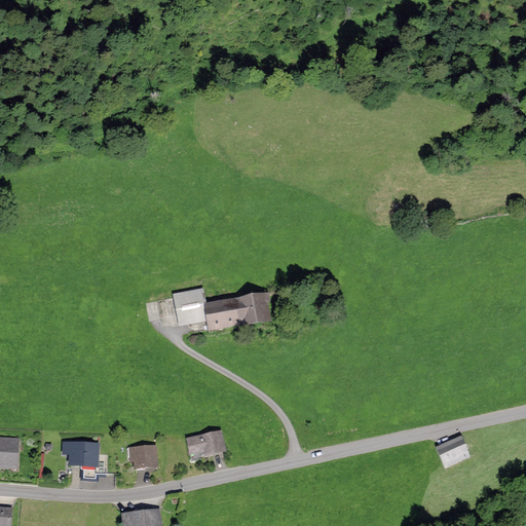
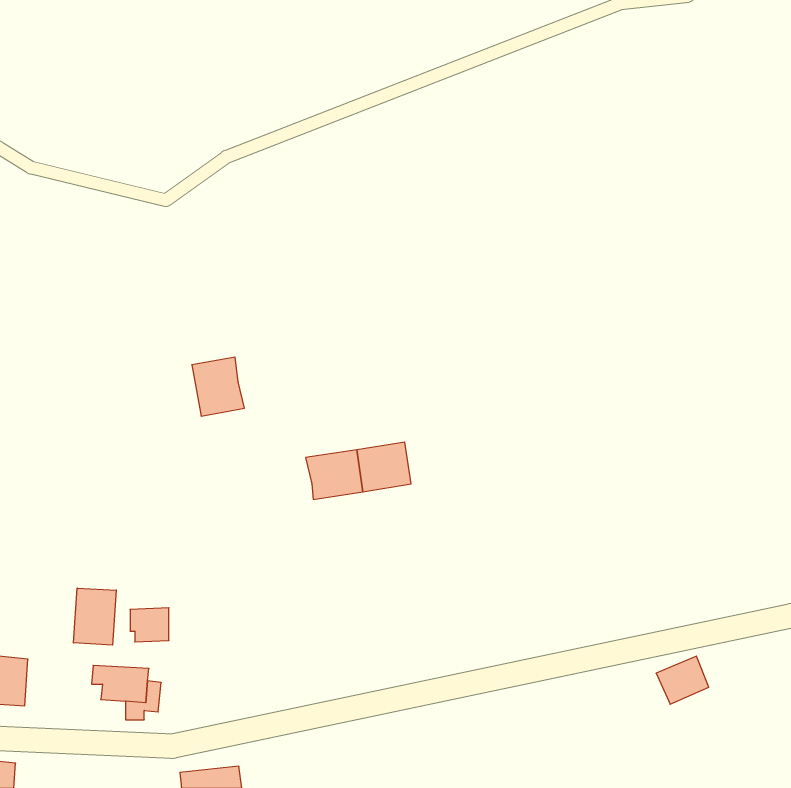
building: [172,287,206,326] -> [192,357,244,416]
building: none -> [74,588,116,645]
building: [185,427,227,455] -> none
building: [130,445,156,467] -> [130,608,169,642]

